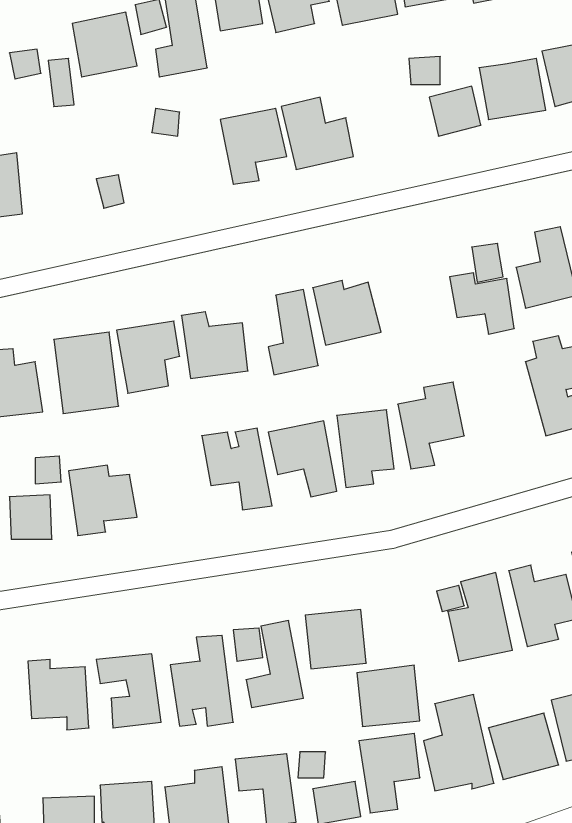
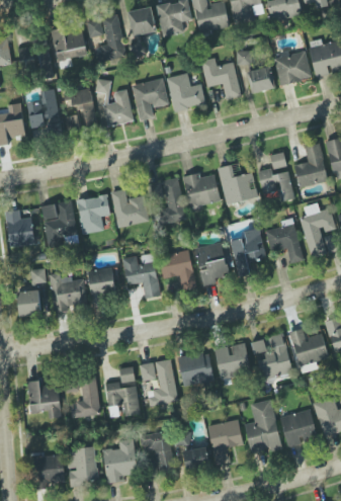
building: none -> [200,58,241,99]
building: none -> [27,88,62,136]
building: none -> [67,88,96,126]
building: none -> [103,89,134,127]
building: none -> [218,164,258,204]
building: none -> [265,218,303,262]
building: none -> [87,266,117,301]
building: [357,665,420,726] -> [216,343,250,377]

